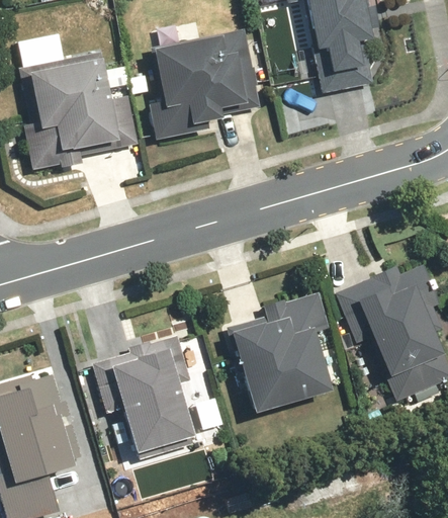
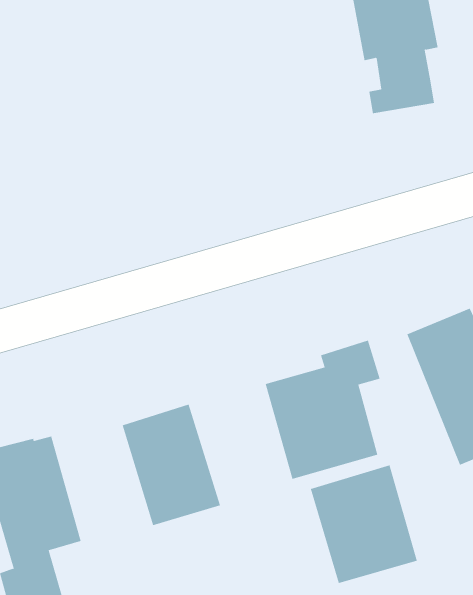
building: [151,21,262,142] -> none
building: [24,58,137,163] -> none
building: none -> [310,464,418,584]

